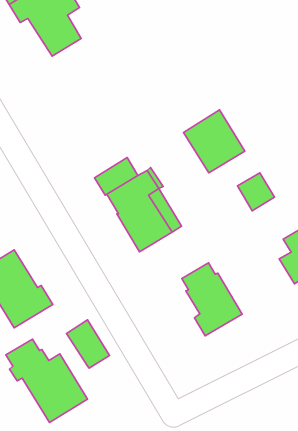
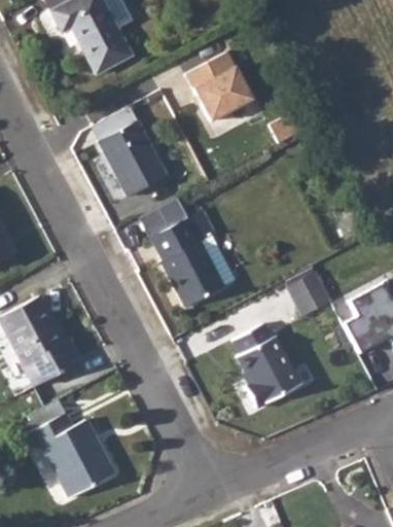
building: none -> [99,119,168,197]
building: [184,110,245,173] -> [188,54,258,126]
building: [238,173,275,211] -> [288,273,330,316]
building: [66,320,109,368] -> none

